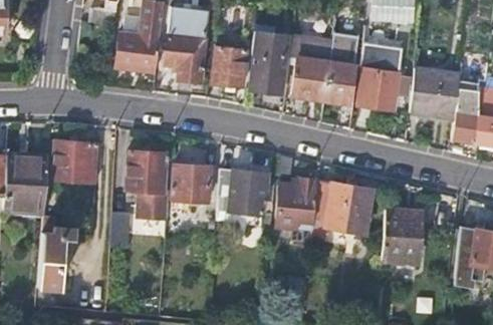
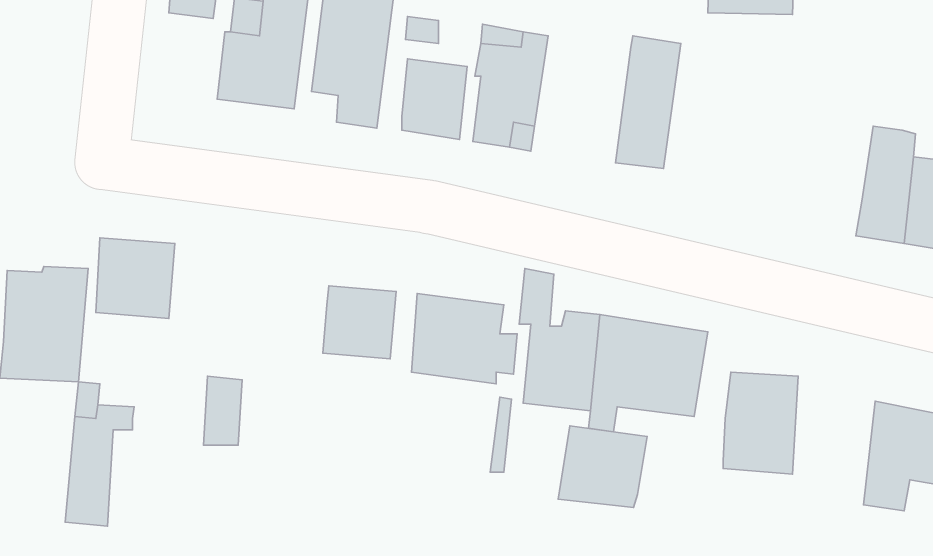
building: [290,35,332,100] -> none
building: [358,42,408,110] -> none
building: [409,68,460,120] -> none
building: [126,150,168,218] -> none
building: none -> [558,426,647,508]

